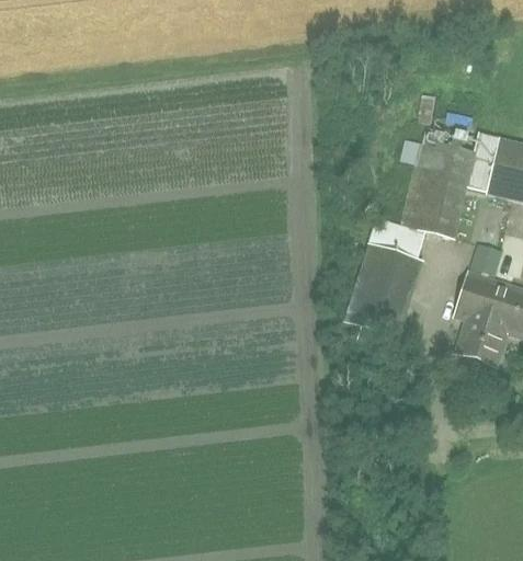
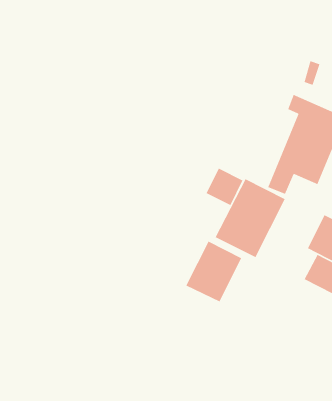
building: none -> [206,168,244,206]
building: none -> [185,241,242,303]

